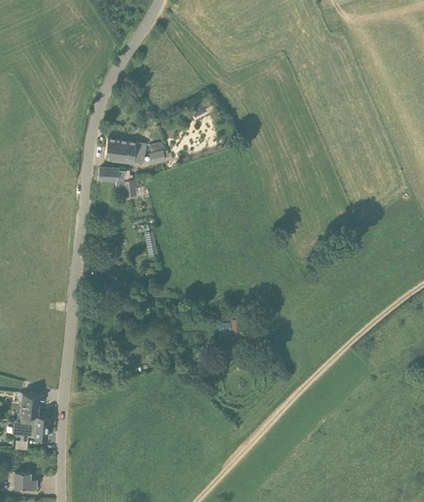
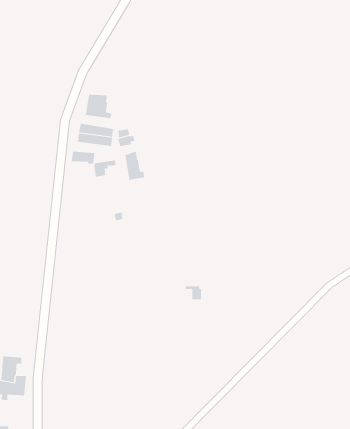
building: none -> [85,94,112,119]
building: none -> [125,151,145,180]

